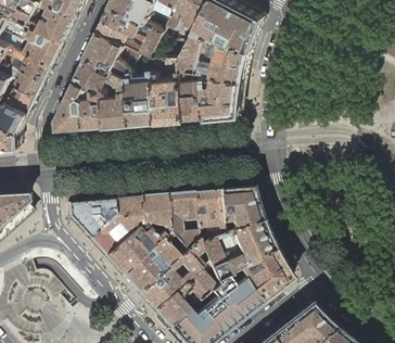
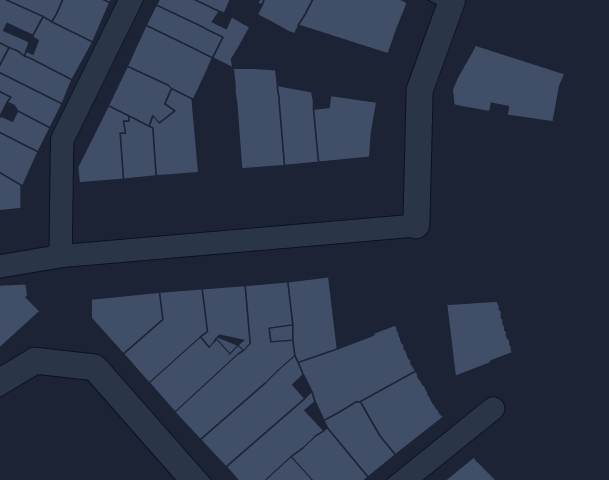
building: [181,29,253,78] -> [452,45,565,122]
building: [128,50,160,123] -> none
building: [215,187,257,234] -> [447,301,513,376]

